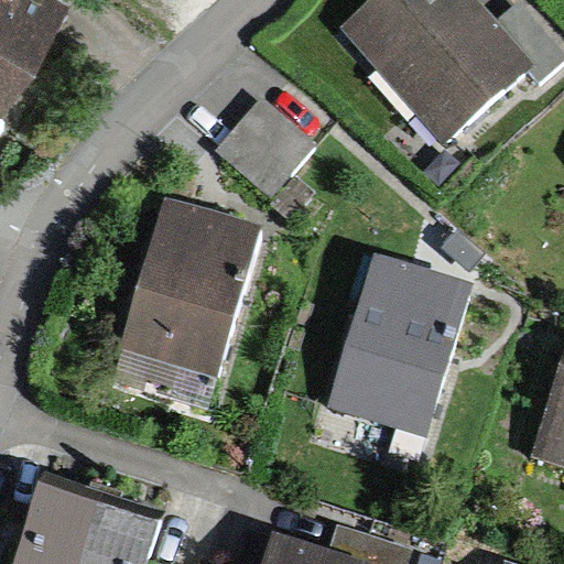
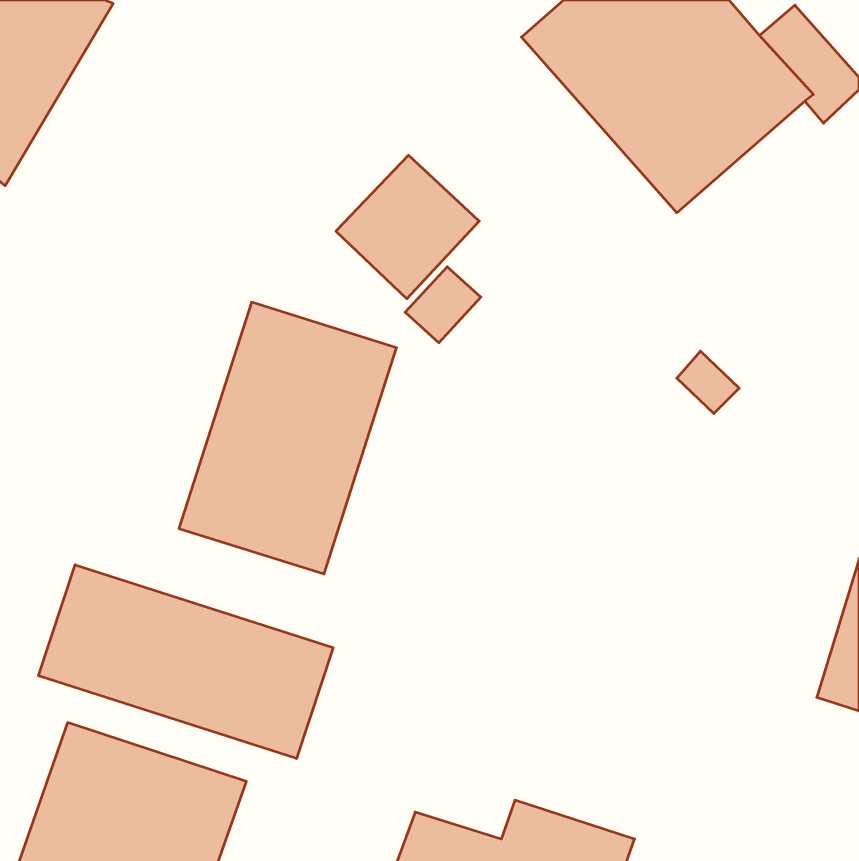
building: [325,251,471,438] -> none
building: none -> [39,565,333,759]

